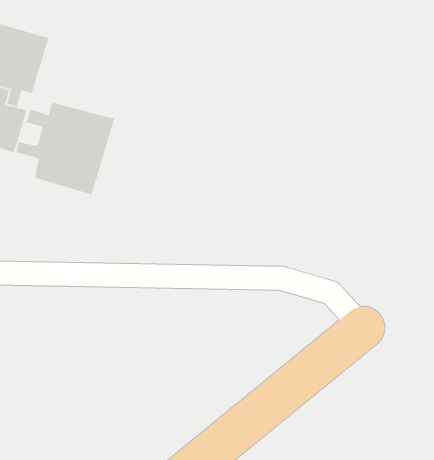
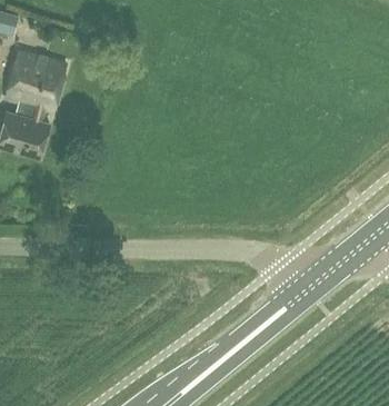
building: [15,101,115,196] -> none

